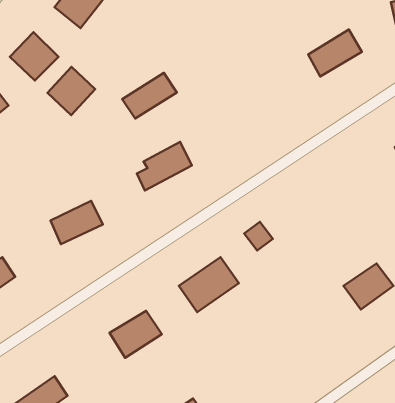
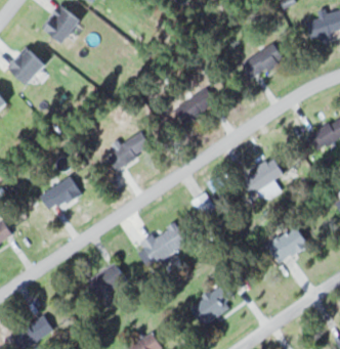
building: [48,67,95,115] -> none
building: [122,73,177,119] -> [173,89,216,125]
building: none -> [242,161,283,191]
building: none -> [192,289,231,325]

